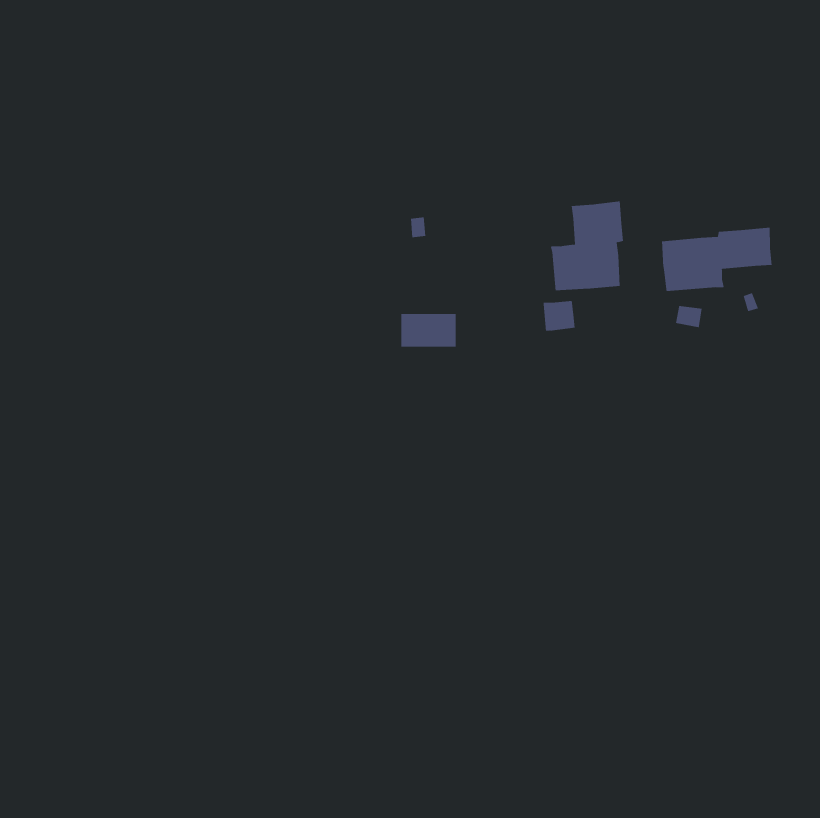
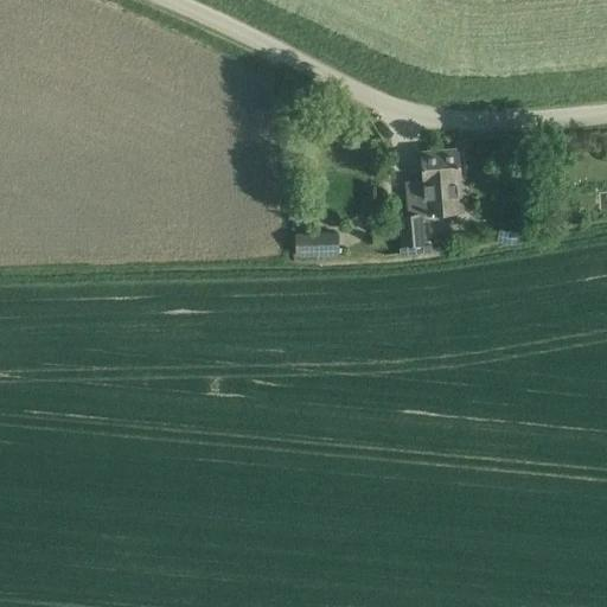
building: [661,227,772,292] -> none

